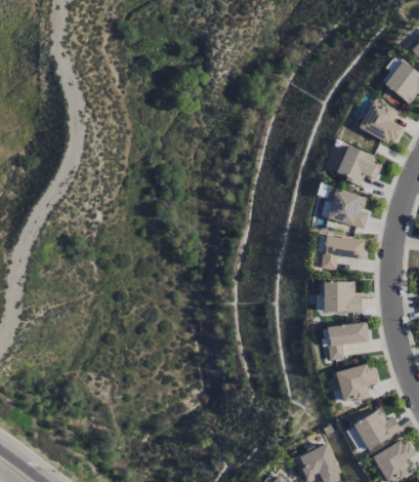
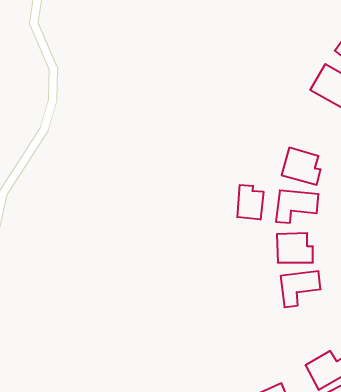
building: [335,146,383,186] -> none
building: none -> [237,185,263,220]
building: [329,364,378,402] -> none

